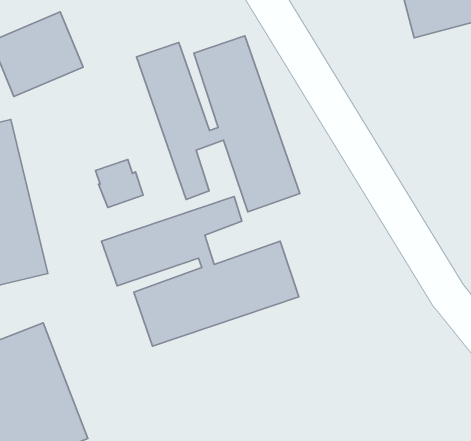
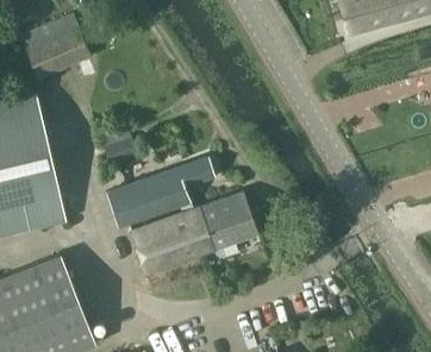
building: [137,36,300,212] -> none

